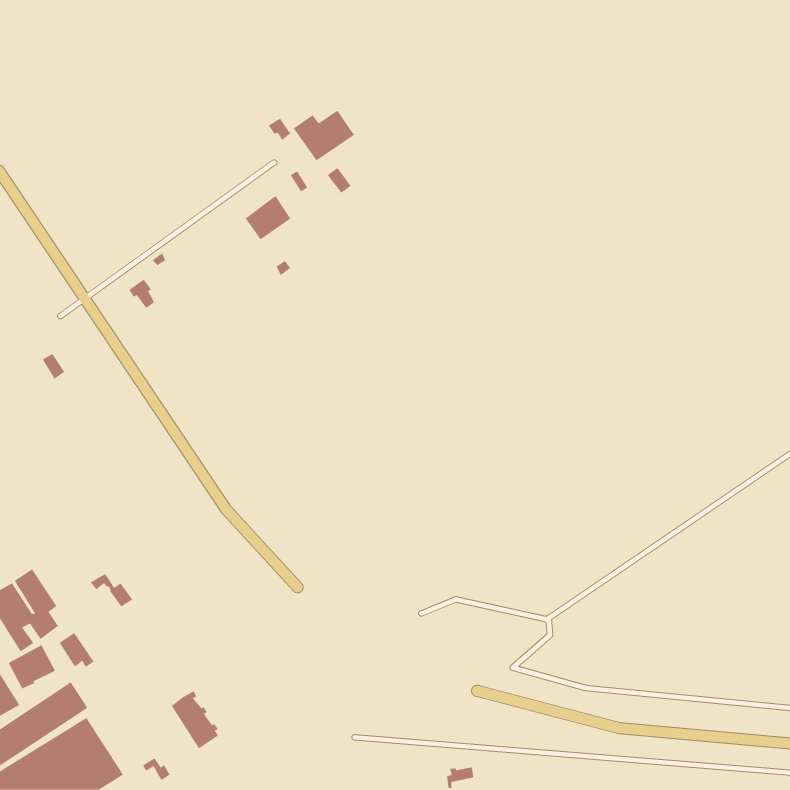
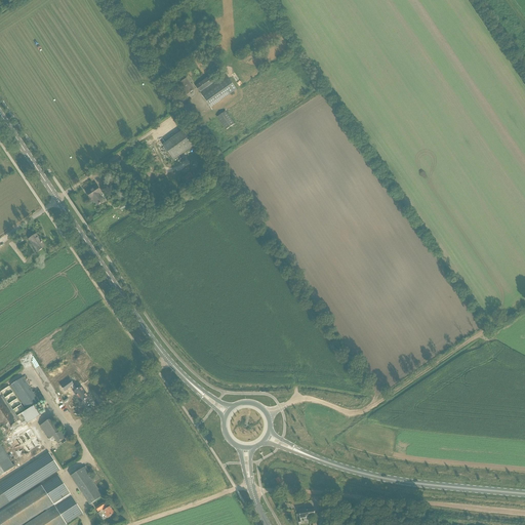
building: [171,690,219,749] -> [70,466,102,504]

